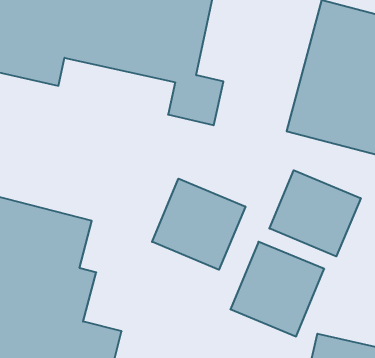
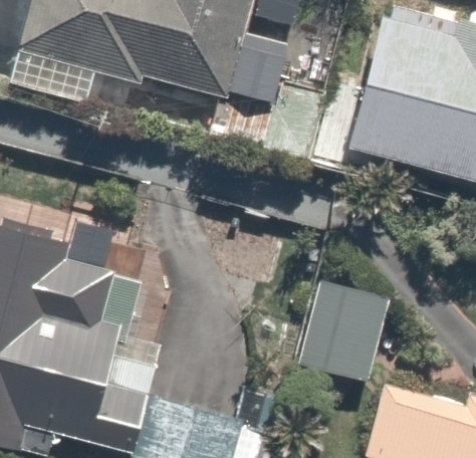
building: [269,170,361,256] -> none
building: [152,179,245,270] -> none

